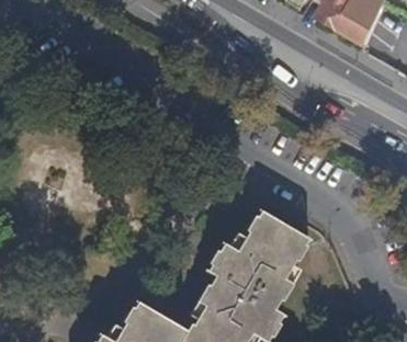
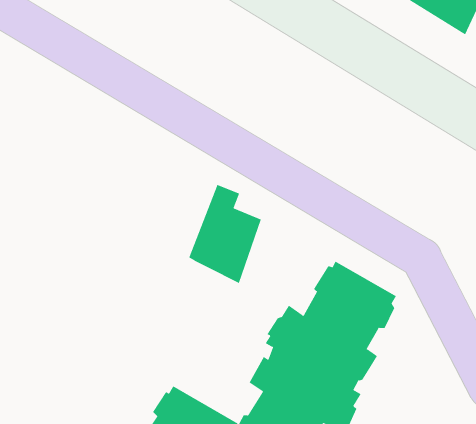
building: none -> [189,184,261,284]

